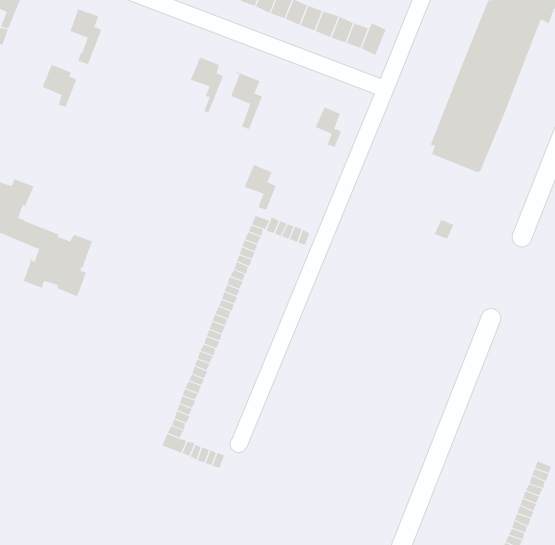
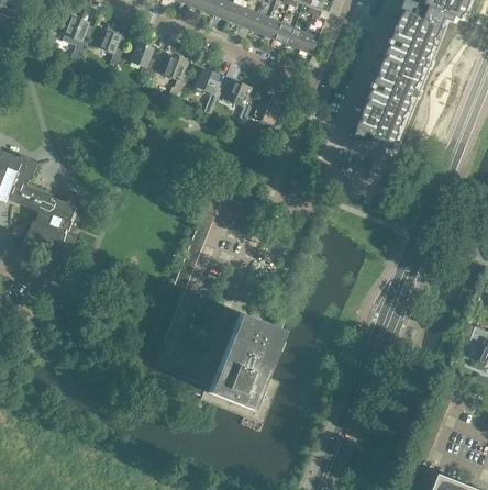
building: none -> [130,41,155,76]
building: [42,64,77,107] -> [97,27,125,63]
building: [244,164,276,210] -> [228,80,254,118]
building: none -> [191,313,280,421]

